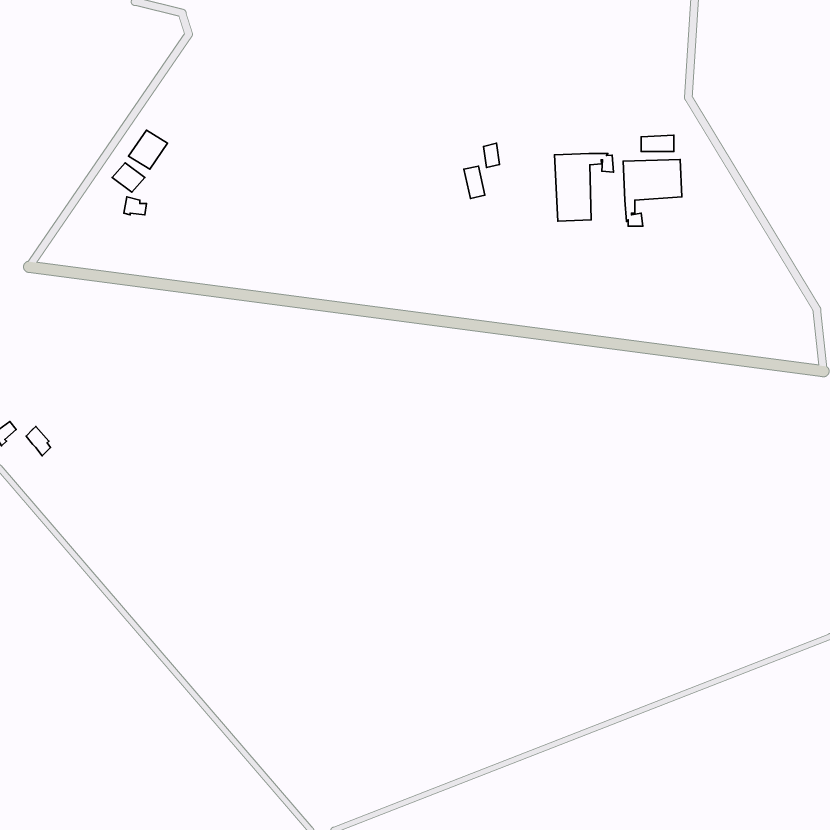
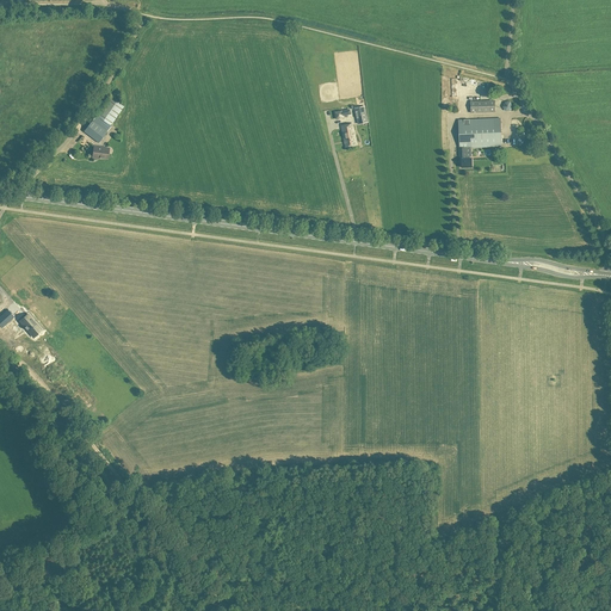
building: [555,153,614,221] -> none

